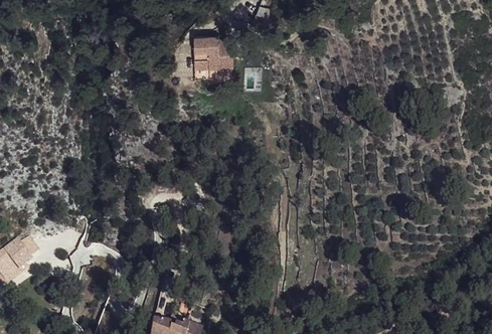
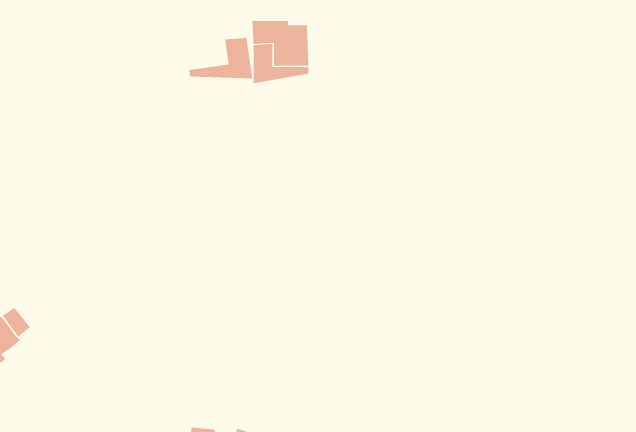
building: none -> [189,37,253,79]

